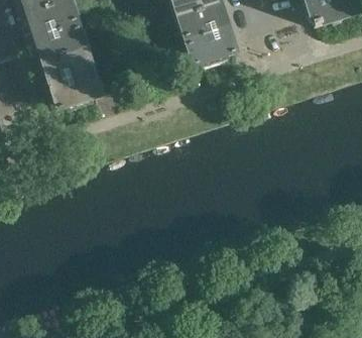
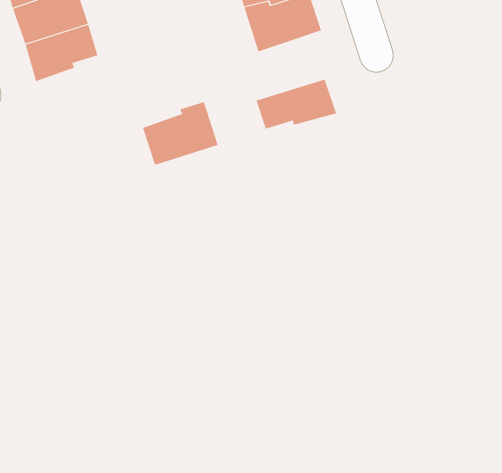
building: [49,64,99,105] -> [142,101,219,165]
building: none -> [256,79,337,130]

